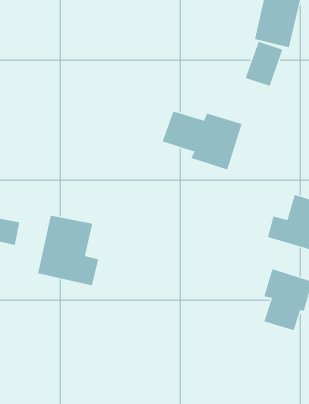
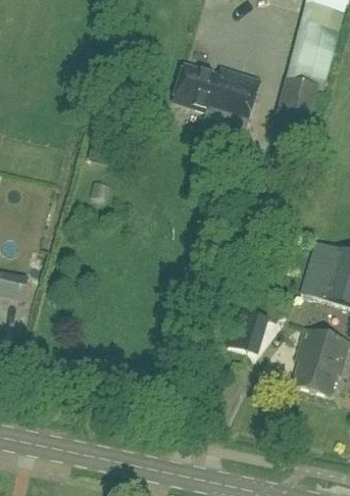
building: [162,111,243,170] -> [172,64,261,130]
building: [38,215,99,286] -> none
building: none -> [242,309,273,353]

